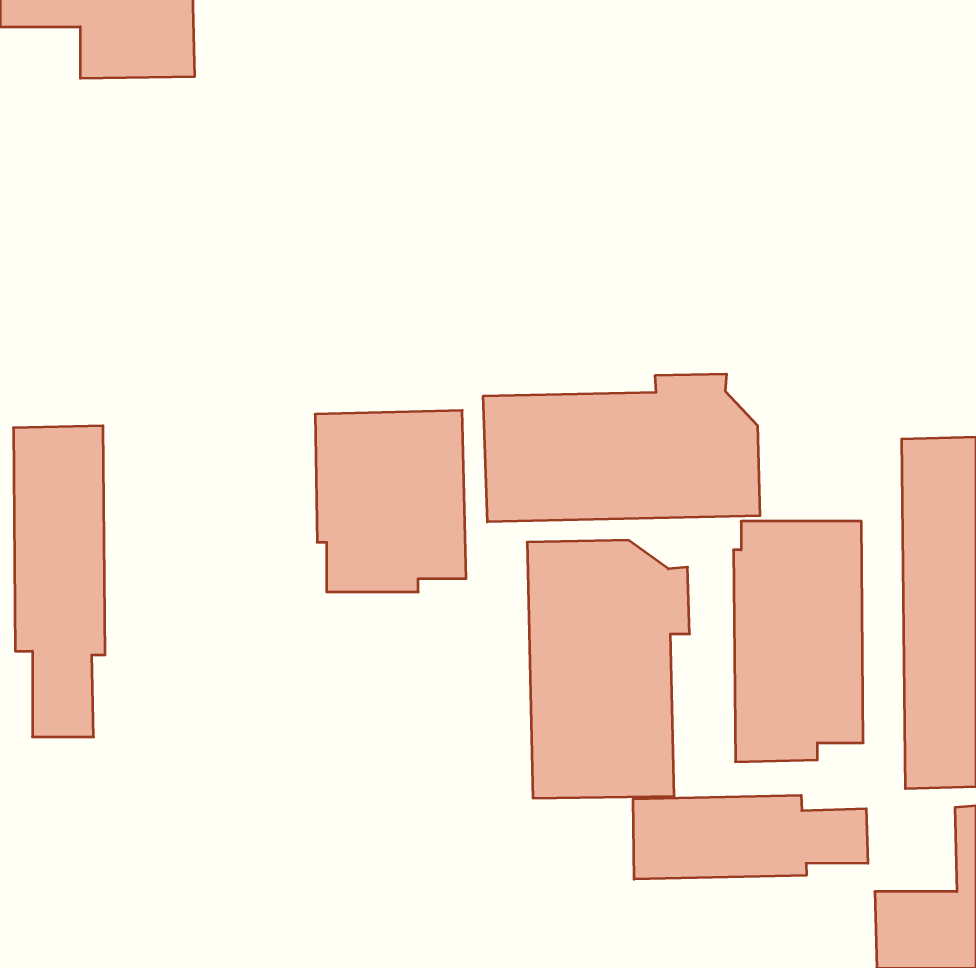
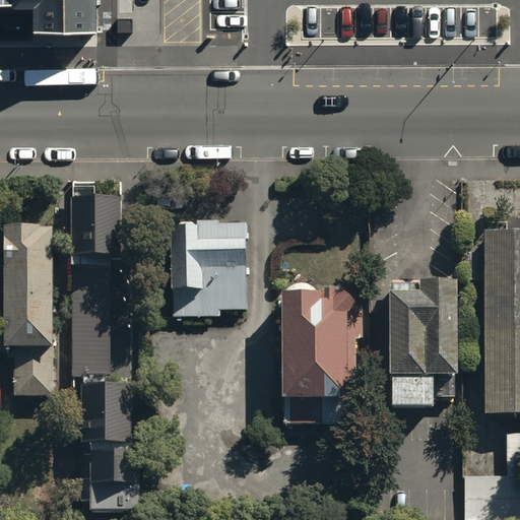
building: none -> [70,194,141,511]
building: [483,374,760,522] -> none
building: [633,795,868,879] -> none

